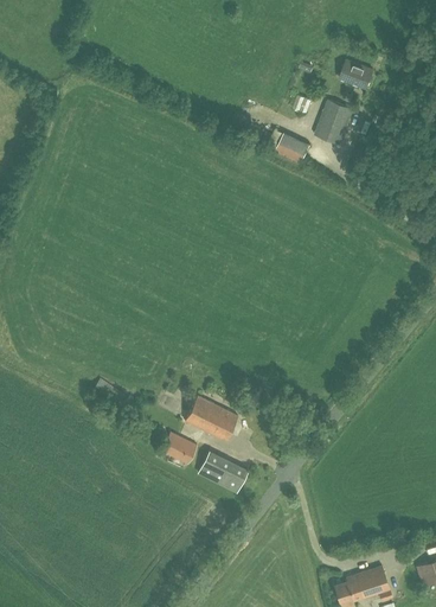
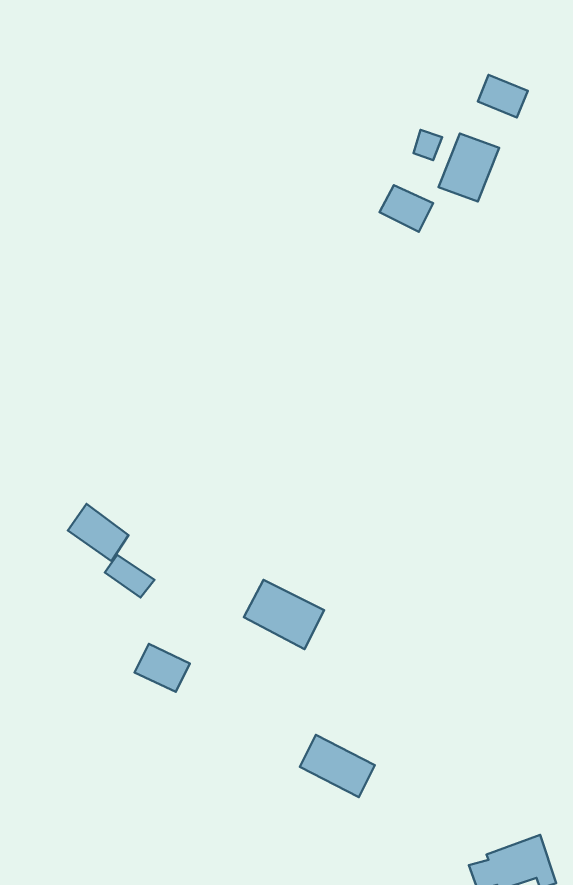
building: none -> [68,504,129,561]
building: [161,432,198,464] -> [135,644,190,692]
building: [198,451,248,492] -> [300,735,375,797]

